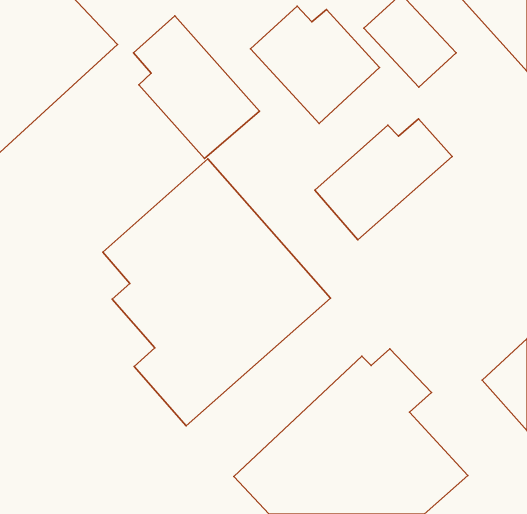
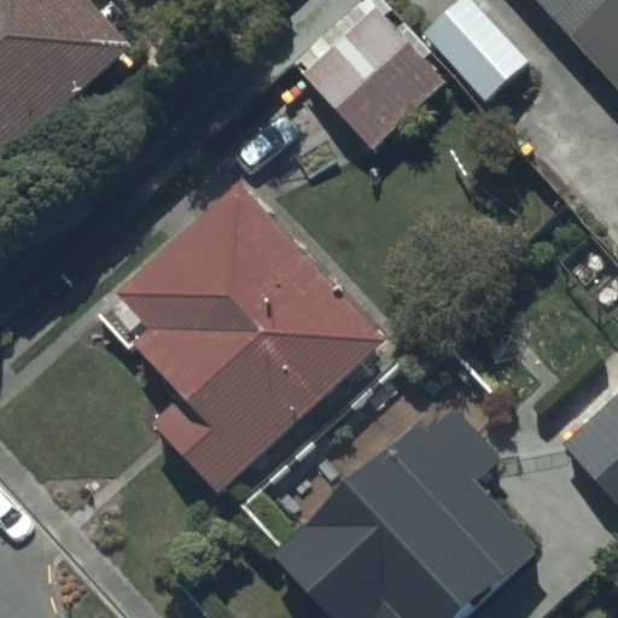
building: [133,16,259,159] -> none
building: [315,119,452,240] -> none

